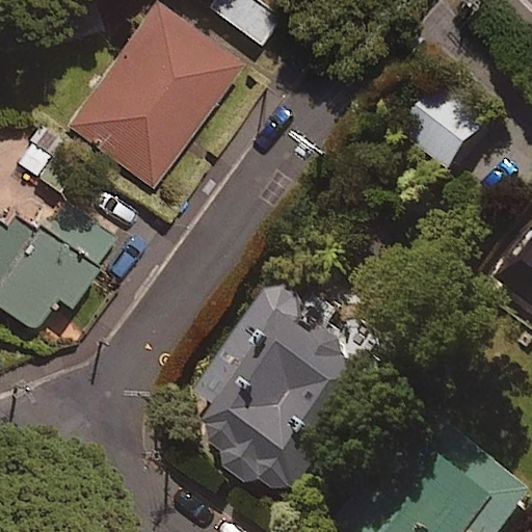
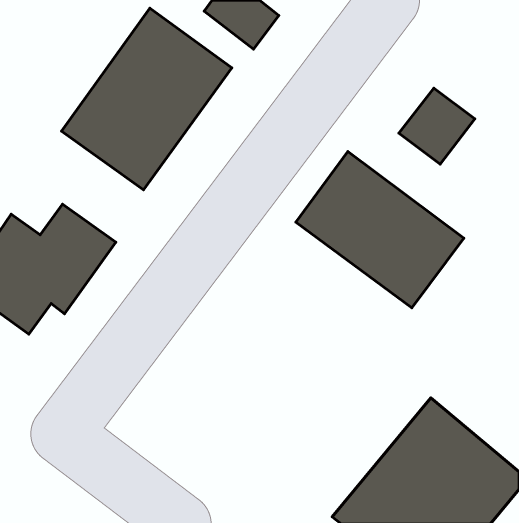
building: none -> [296,152,464,308]
building: [197,274,378,496] -> none

